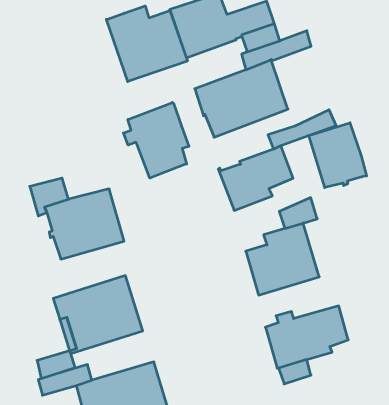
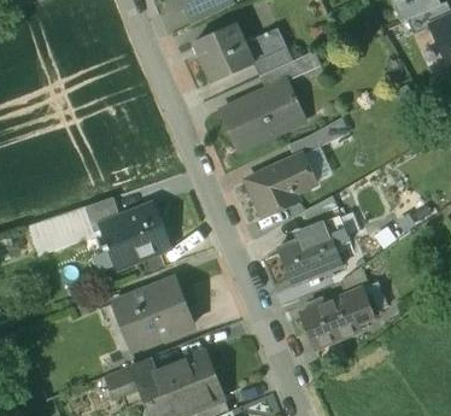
building: [106,6,187,82] -> none
building: [123,102,189,178] -> none
building: [309,123,367,188] -> none

